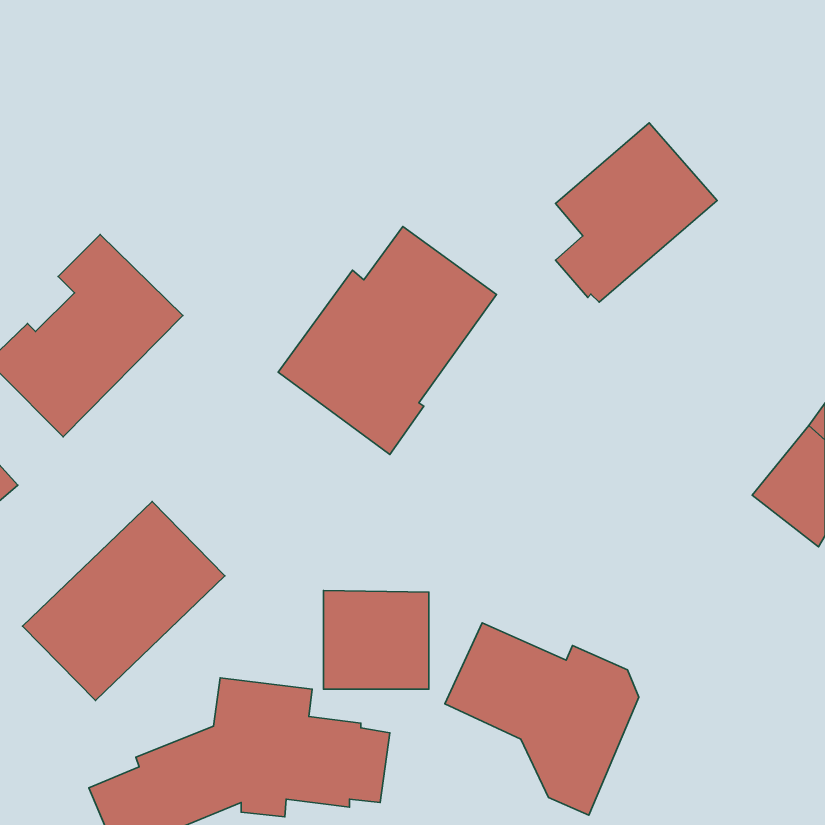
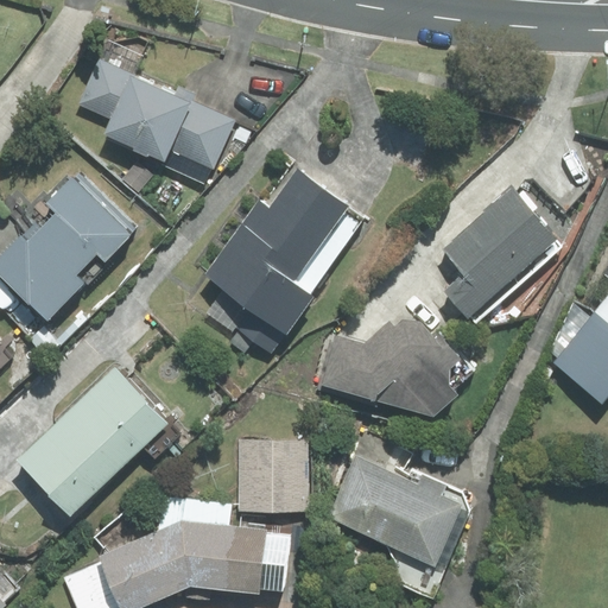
building: none -> [78,61,234,184]
building: [555,123,717,302] -> [443,191,562,323]
building: none -> [321,321,475,417]

